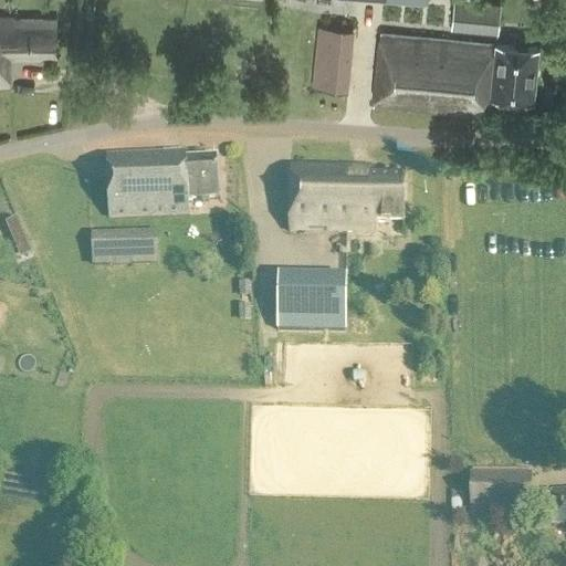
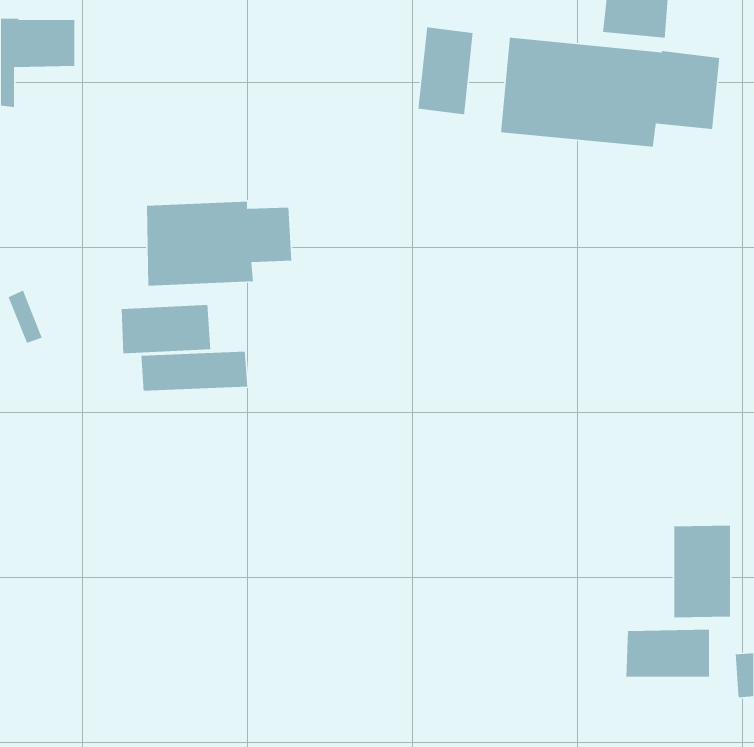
building: [290,166,403,231] -> none
building: none -> [140,351,248,391]
building: [277,274,346,329] -> none
building: none -> [674,525,731,618]

